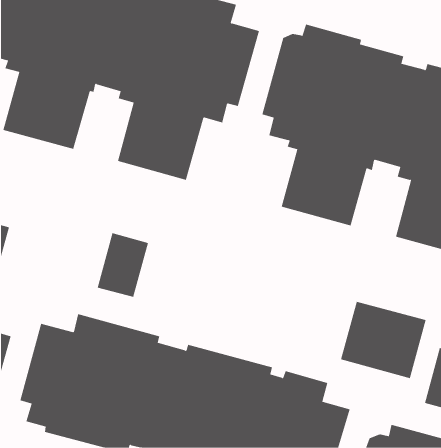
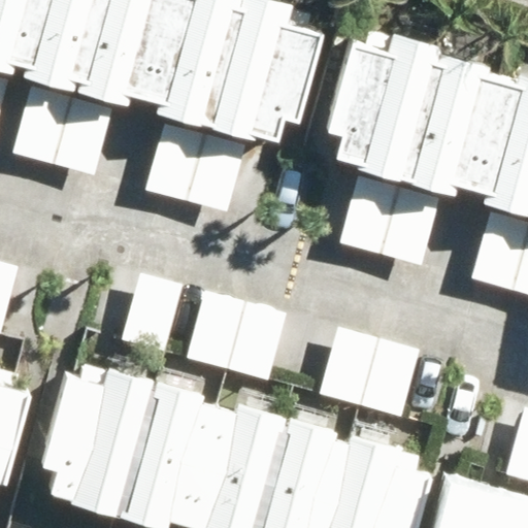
building: none -> [187,289,290,381]
building: [340,301,426,379] -> [321,326,422,417]

